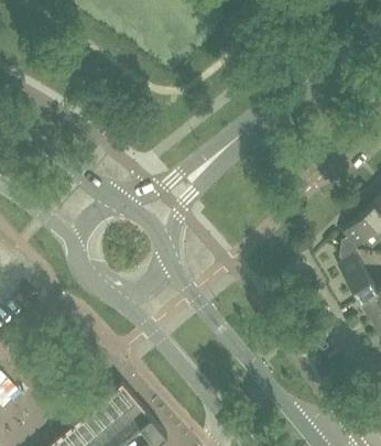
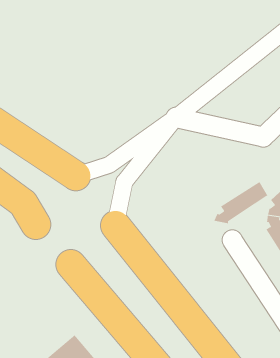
building: none -> [214,181,268,224]

